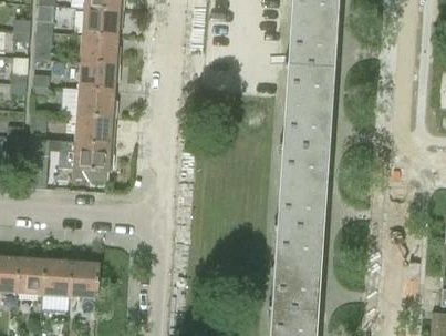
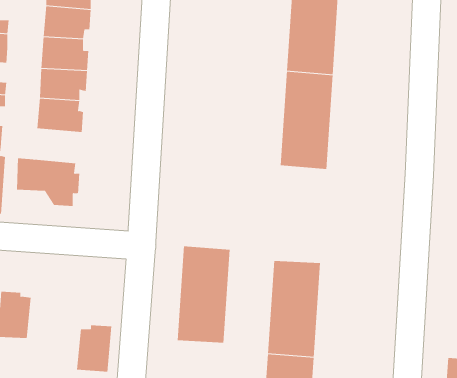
building: [73,115,115,145] -> none
building: [280,147,326,232] -> [177,246,231,343]
building: [68,258,98,299] -> [76,325,112,372]

